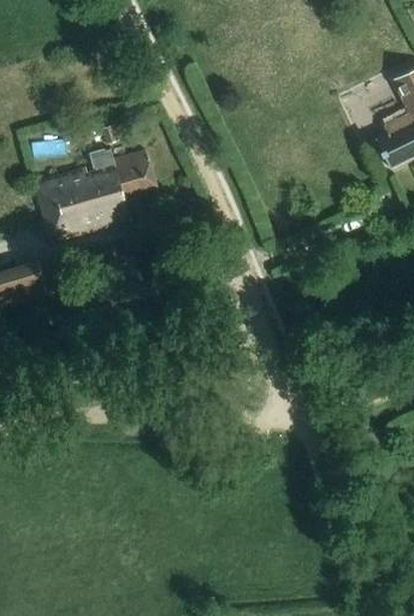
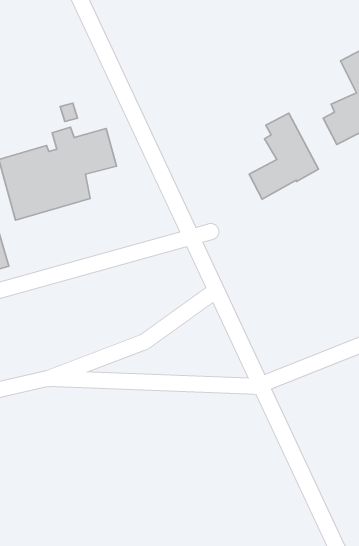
building: none -> [249,113,319,199]

